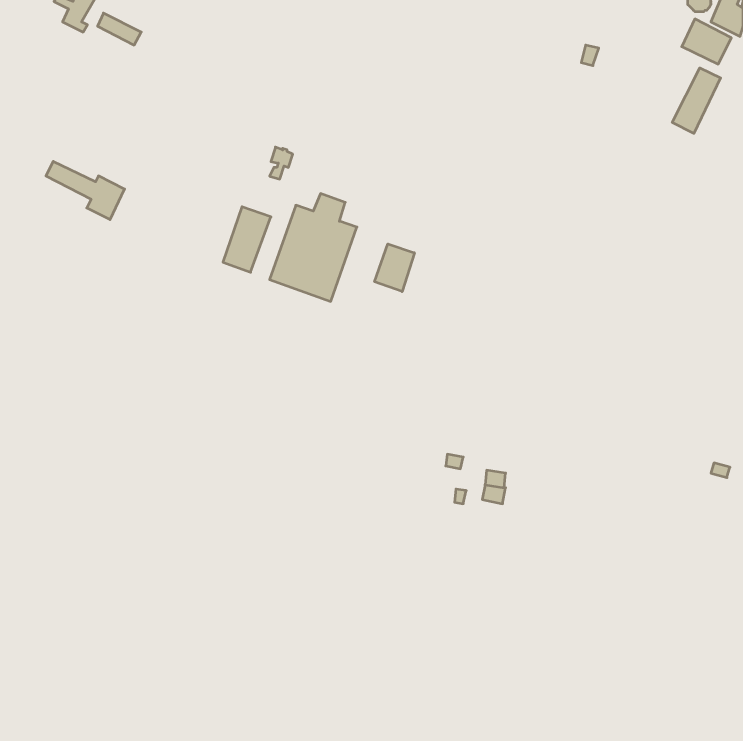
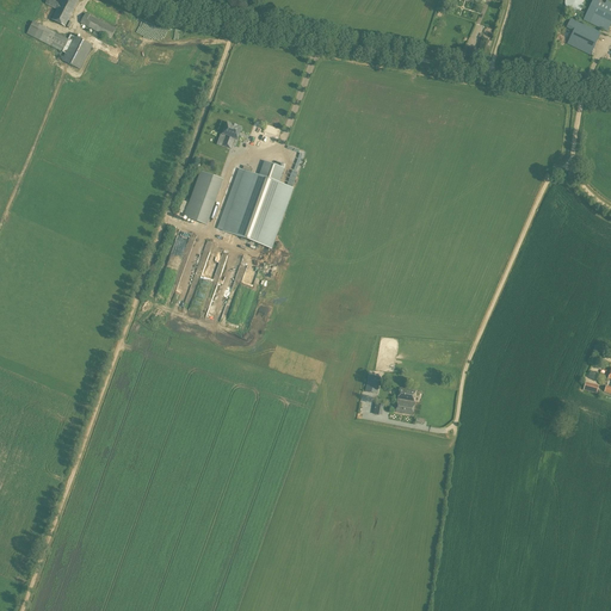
building: [672,68,721,133] -> none
building: [46,161,125,220] -> [26,20,91,68]
building: [375,244,414,292] -> none

